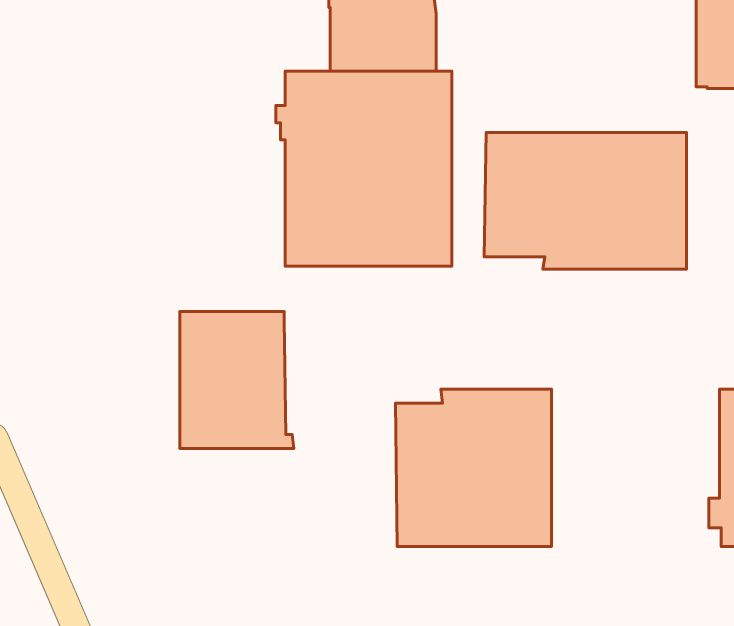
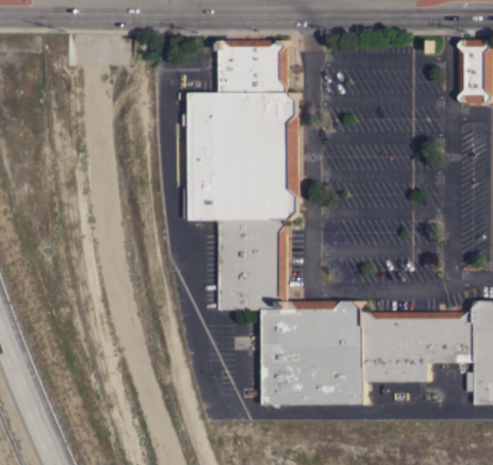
building: [484,132,687,269] -> none
building: [180,312,294,449] -> [216,221,291,311]
building: none -> [362,313,473,382]

